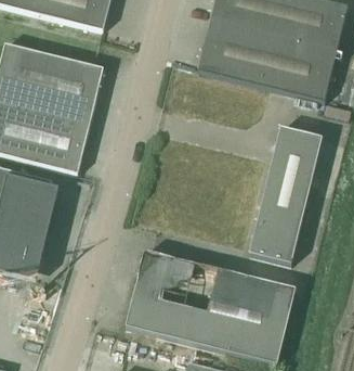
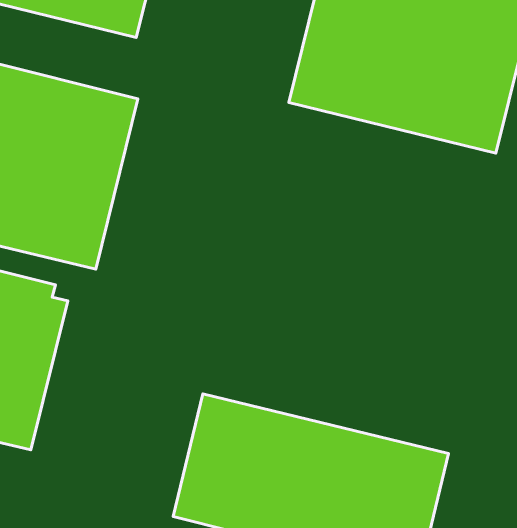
building: [250,125,323,263] -> none

